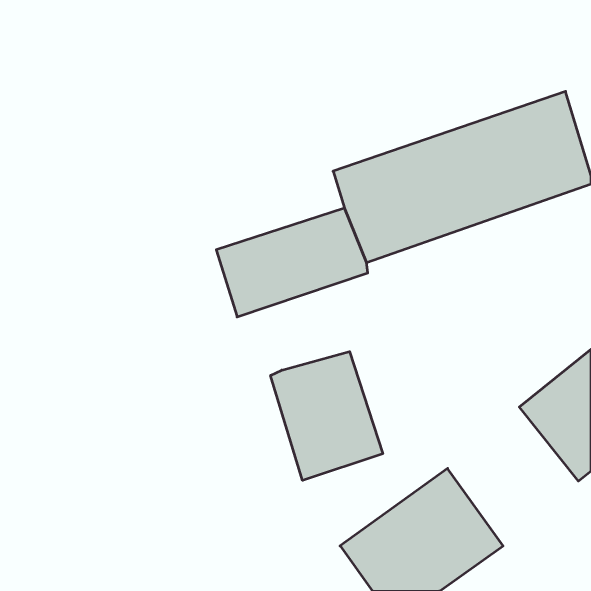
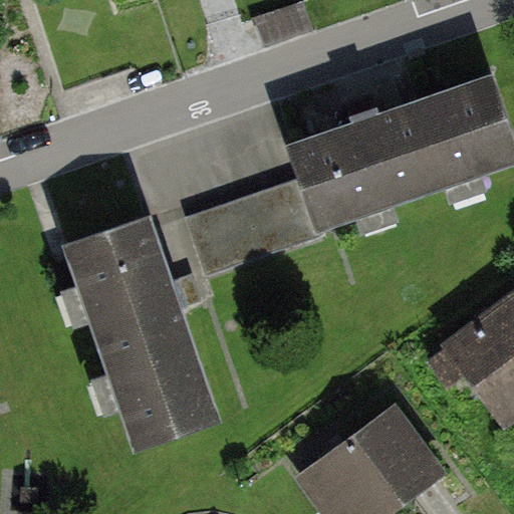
building: none -> [66,219,215,447]
building: [271,352,383,480] -> none

